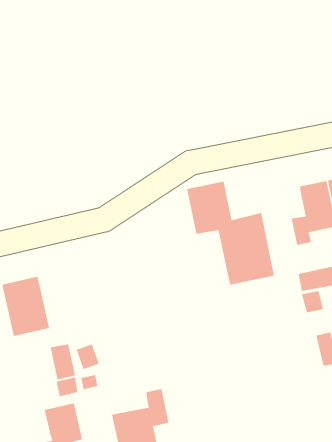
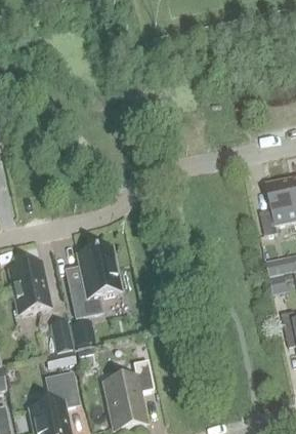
building: [187,181,274,286] -> none
building: none -> [69,247,120,317]

